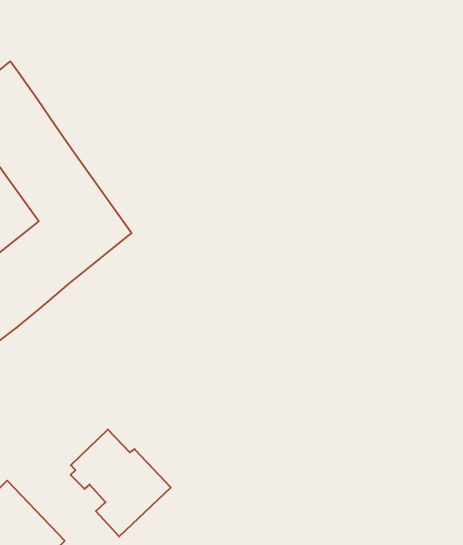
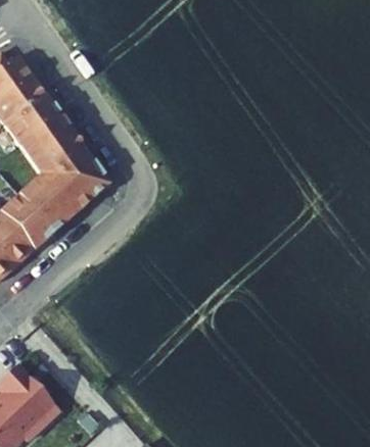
building: [71,429,171,537] -> none

